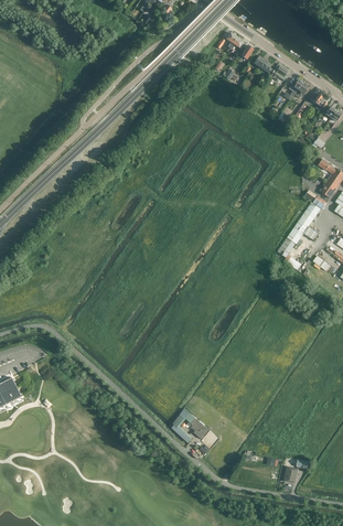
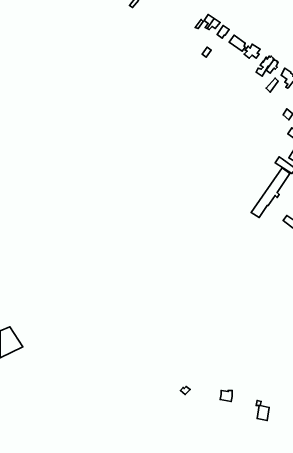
building: [171,408,208,441] -> none

